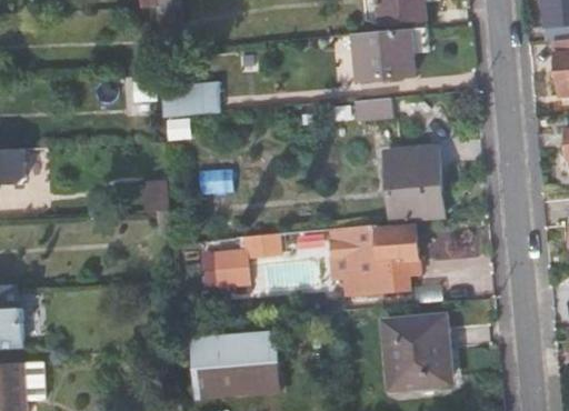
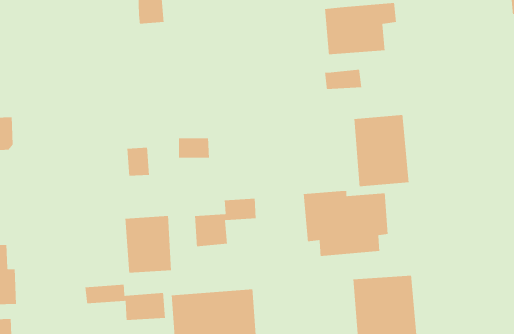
building: [159,83,220,118] -> none
building: none -> [124,215,172,274]
building: none -> [85,284,166,321]

